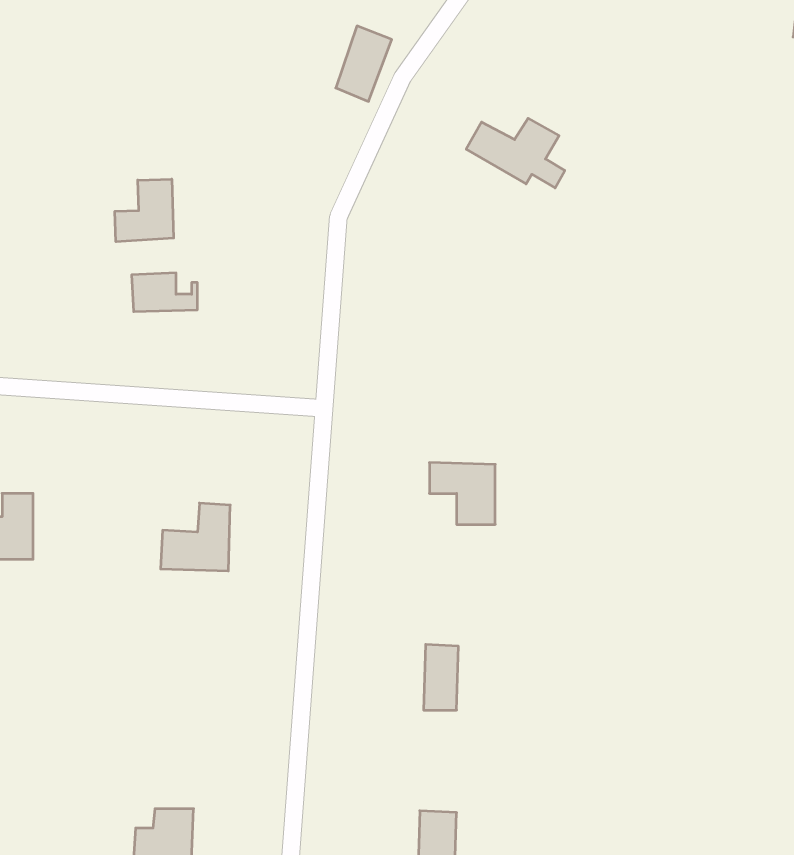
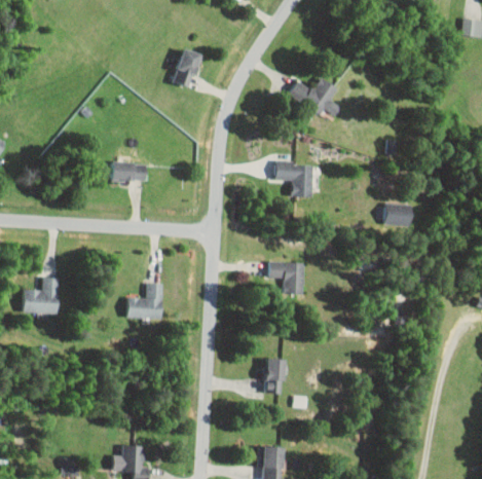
building: [336,26,392,101] -> [172,47,201,87]
building: [115,179,174,242] -> none
building: none -> [274,161,312,196]
building: none -> [383,202,412,223]

